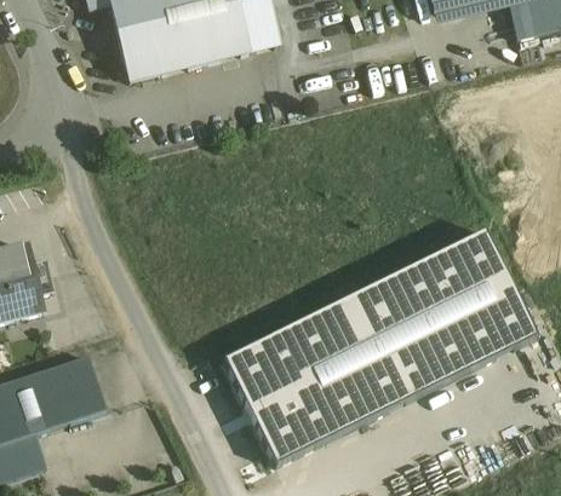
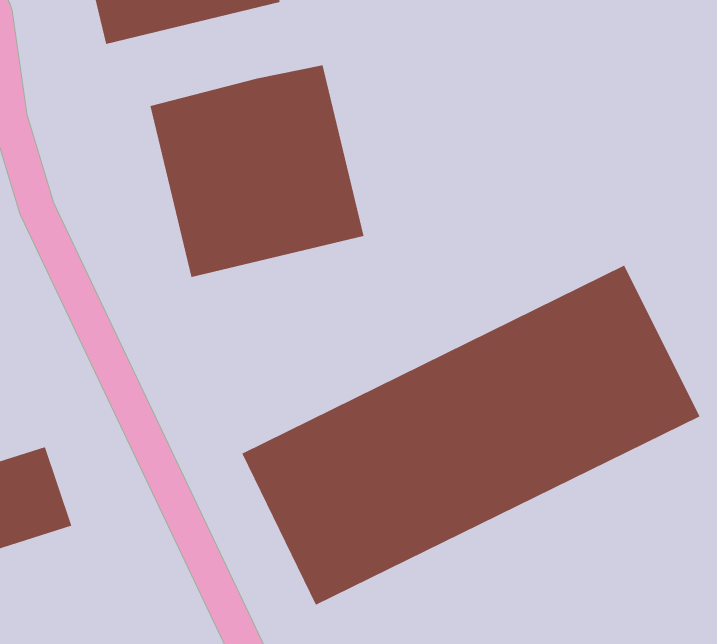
building: none -> [150,64,364,278]

